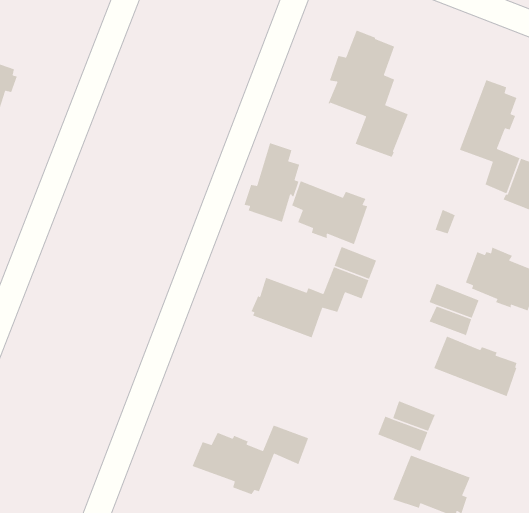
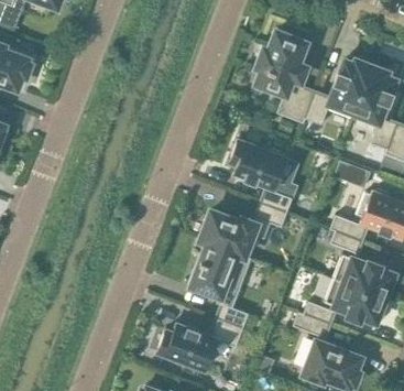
building: none -> [305,59,372,124]
building: [243,142,300,223] -> none
building: none -> [189,239,252,328]
building: none -> [325,278,387,322]

